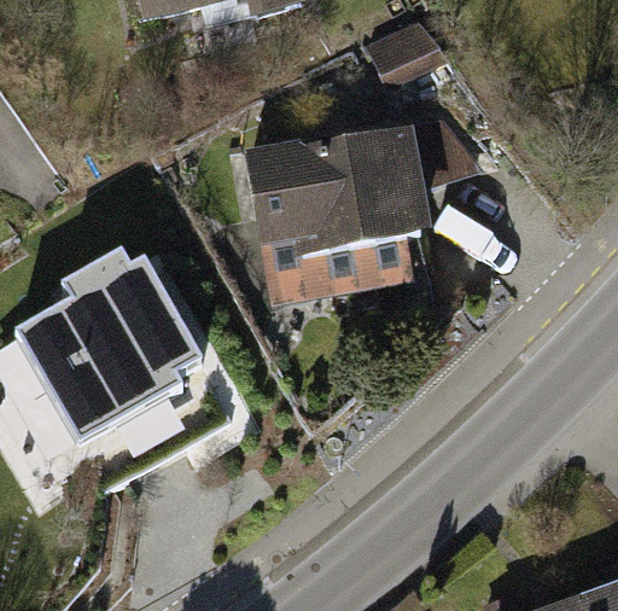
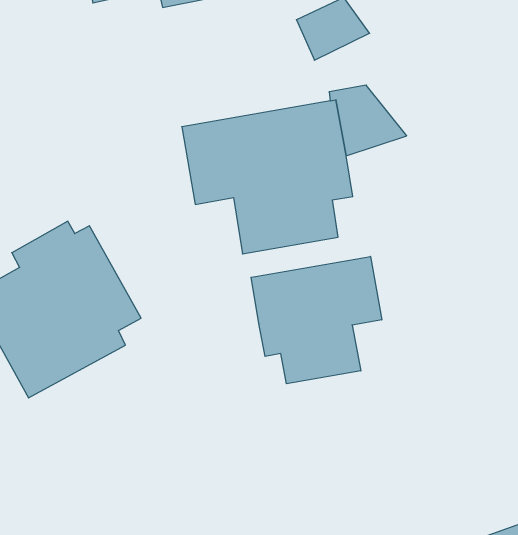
building: none -> [251,256,382,384]

